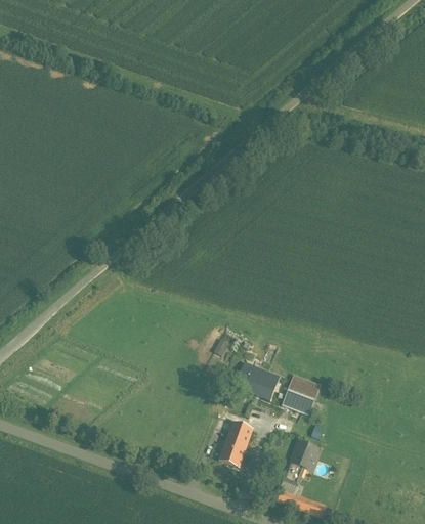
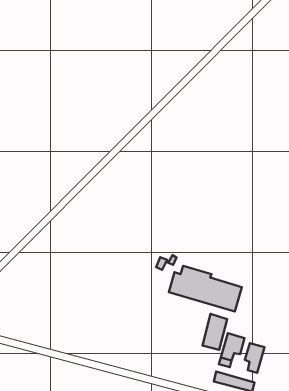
building: [219,421,253,467] -> [202,314,227,350]
building: none -> [245,343,265,373]

